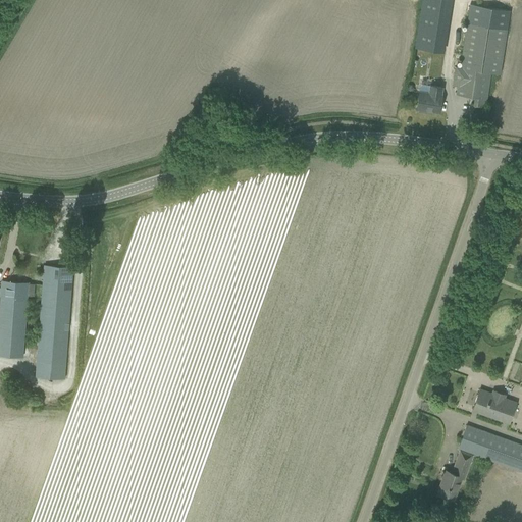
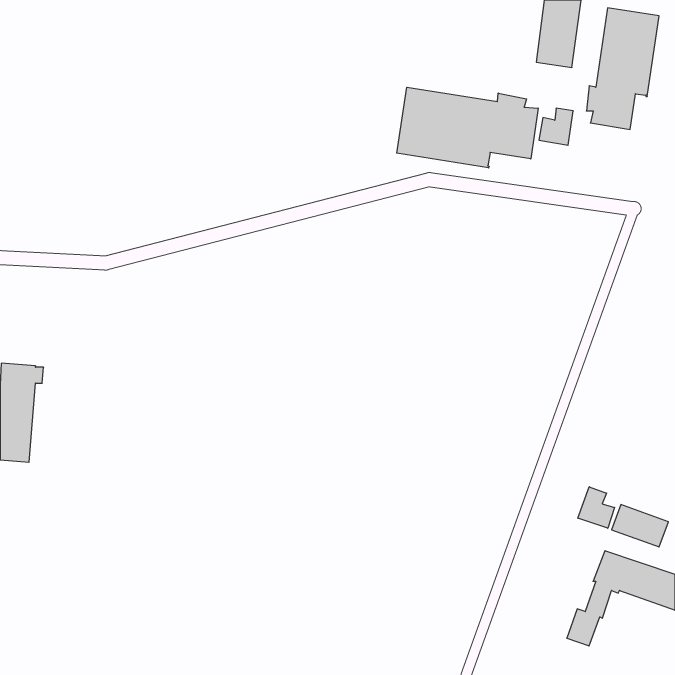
building: none -> [397,87,538,168]
building: [36,265,72,378] -> none
building: none -> [578,487,615,528]

